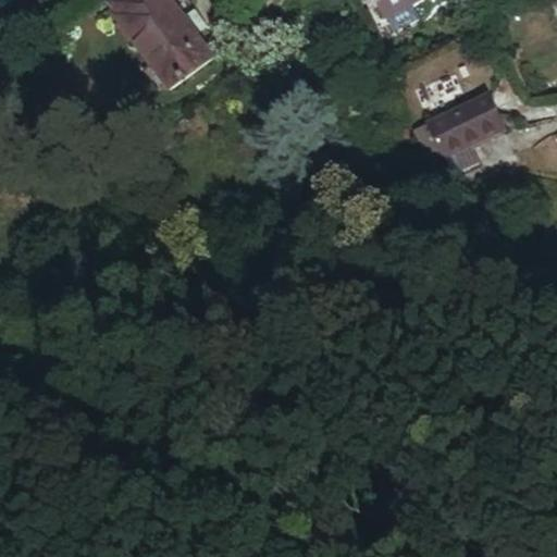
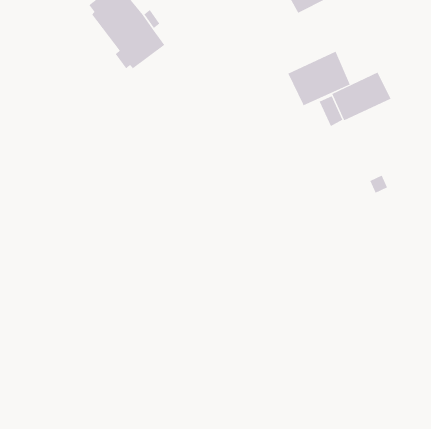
building: none -> [288,51,351,106]

